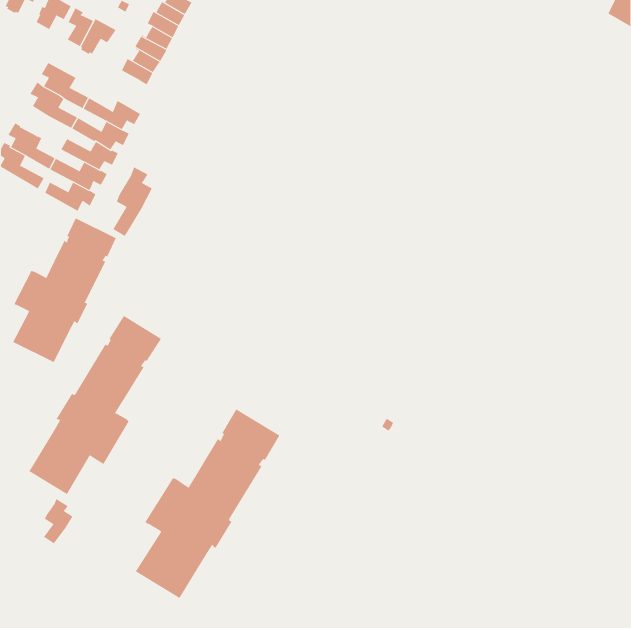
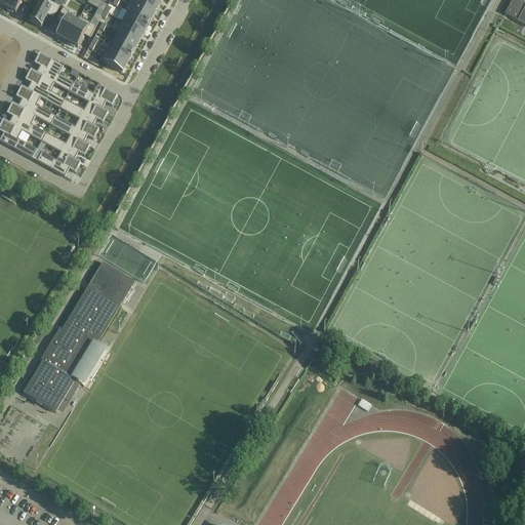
building: none -> [15,85,55,124]
building: [113,166,153,237] -> none
building: [12,217,117,363] -> none
building: [134,408,280,599] -> none
building: [43,498,73,544] -> none

